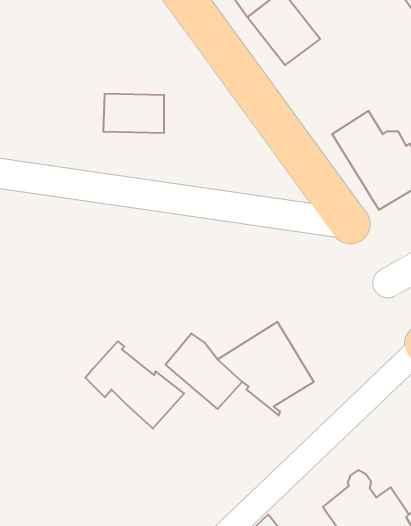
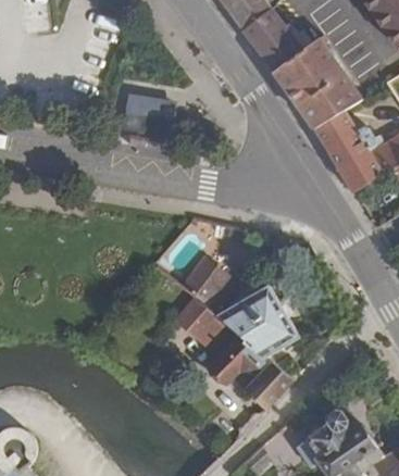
building: none -> [274,37,362,129]
building: none -> [183,258,228,303]
building: [85,341,184,429] -> [211,336,294,409]

